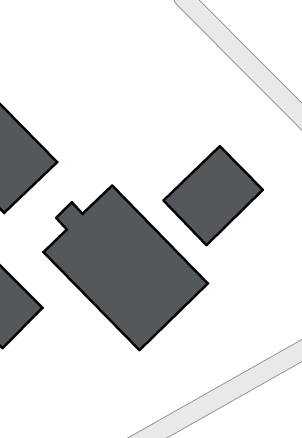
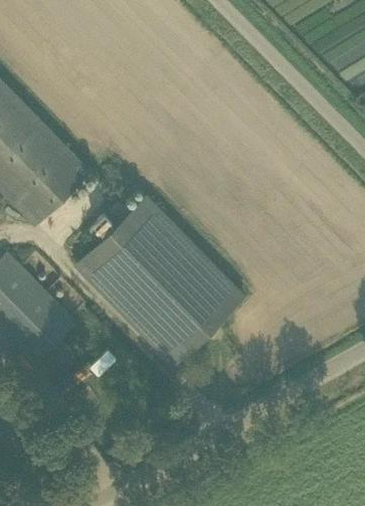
building: [164,146,263,245] -> none

